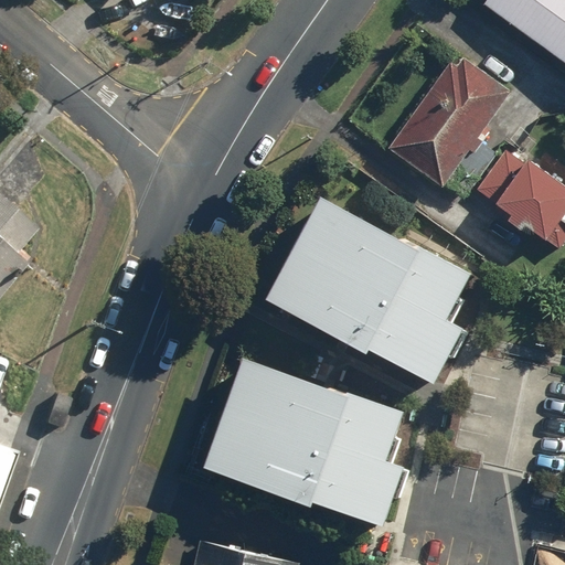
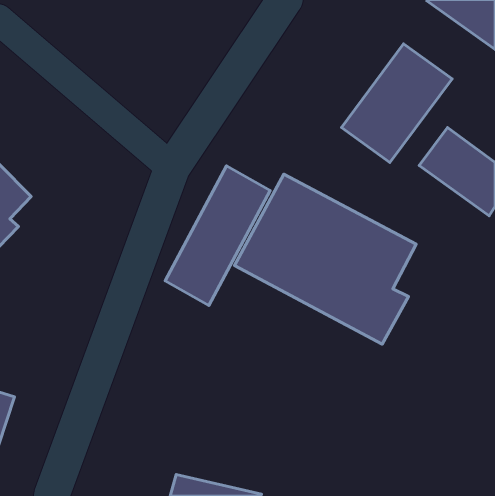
building: none -> [165,166,270,306]
building: [198,355,408,541] -> none

